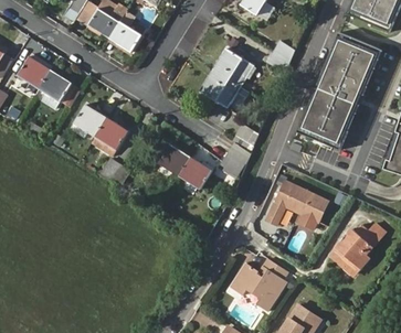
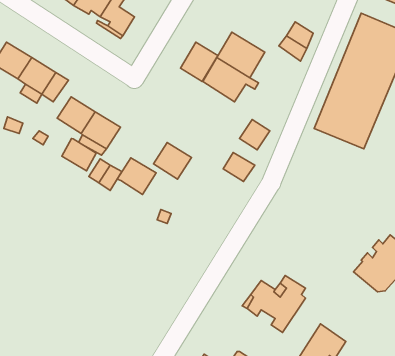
building: none -> [180,42,218,82]
building: none -> [62,138,96,171]
building: [178,157,212,189] -> [117,158,156,195]
building: [267,184,328,227] -> none

